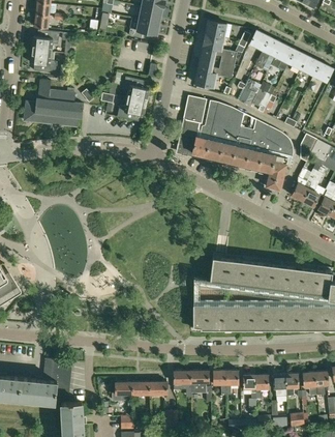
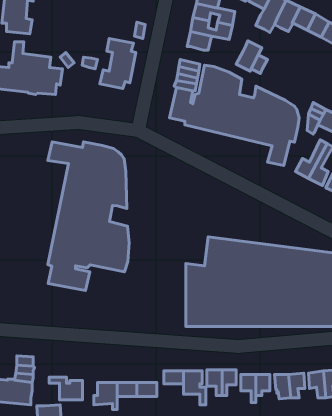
building: none -> [48,142,129,291]
building: none -> [49,377,83,400]

